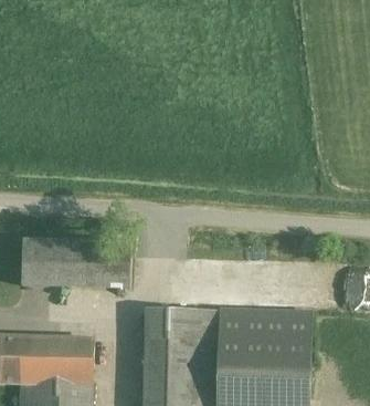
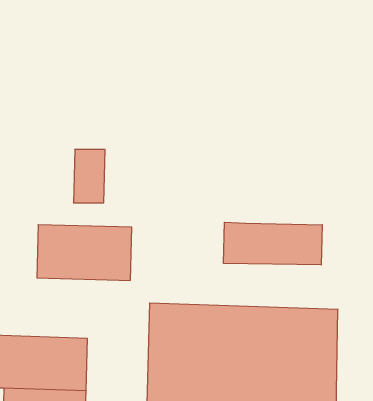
building: none -> [223,222,322,265]
building: [21,239,49,285] -> [73,150,105,203]

